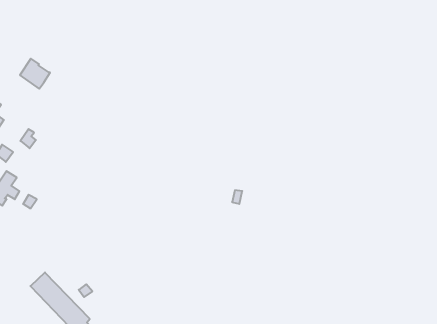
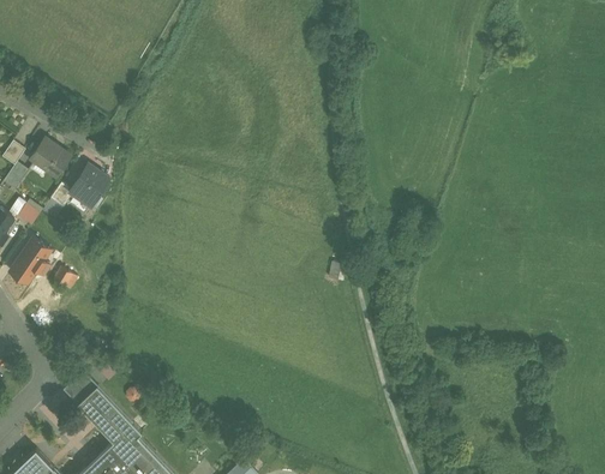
building: [20,59,50,89] -> [29,140,68,180]
building: none -> [68,167,107,208]

